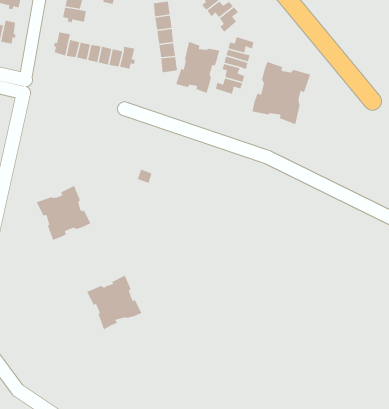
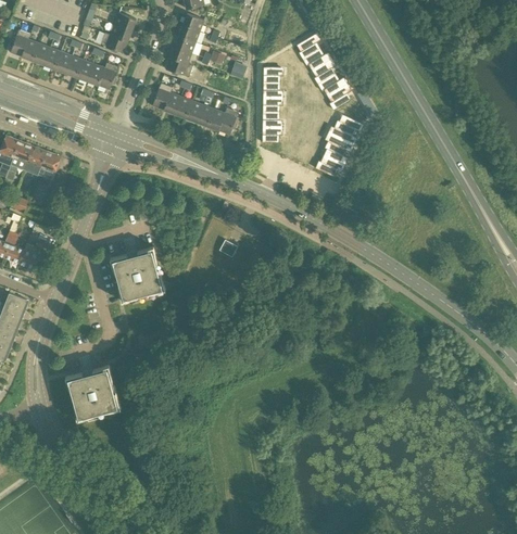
building: [175,41,220,94] -> none
building: [251,61,311,125] -> none
building: [86,274,142,330] -> [65,365,121,420]

